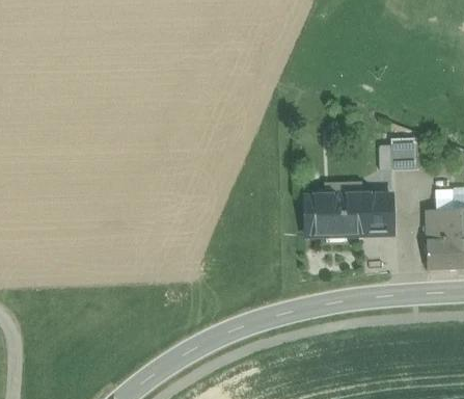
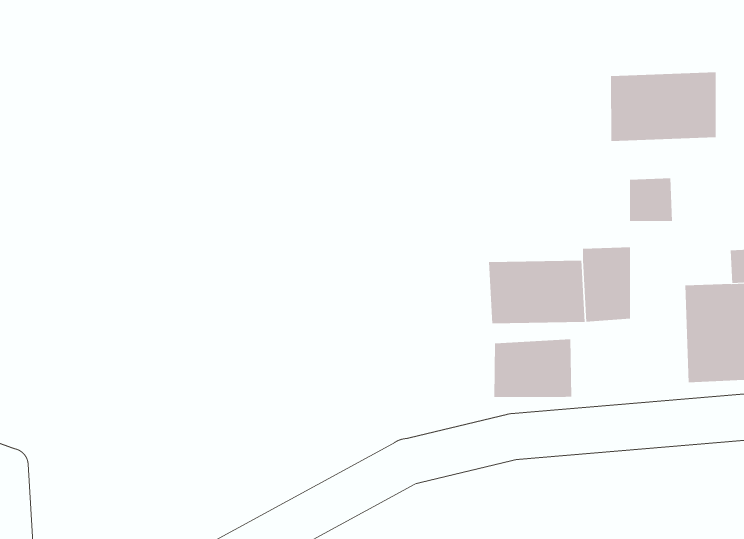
building: none -> [611,71,716,142]
building: none -> [494,338,572,398]

